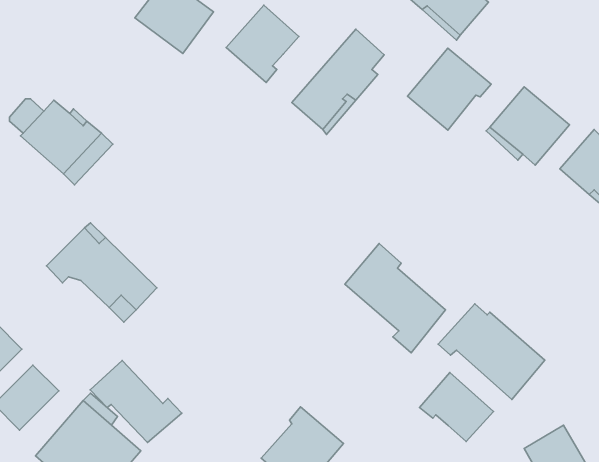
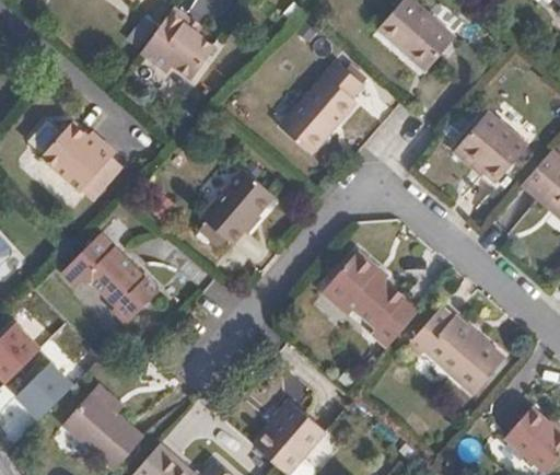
building: [226,5,299,82] -> none
building: [407,48,491,130] -> none
building: none -> [202,167,275,244]
building: [90,361,182,443] -> none
building: [419,373,494,442] -> none

